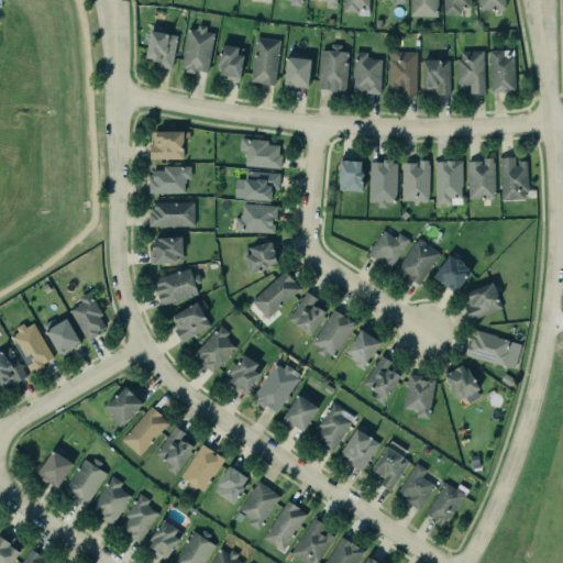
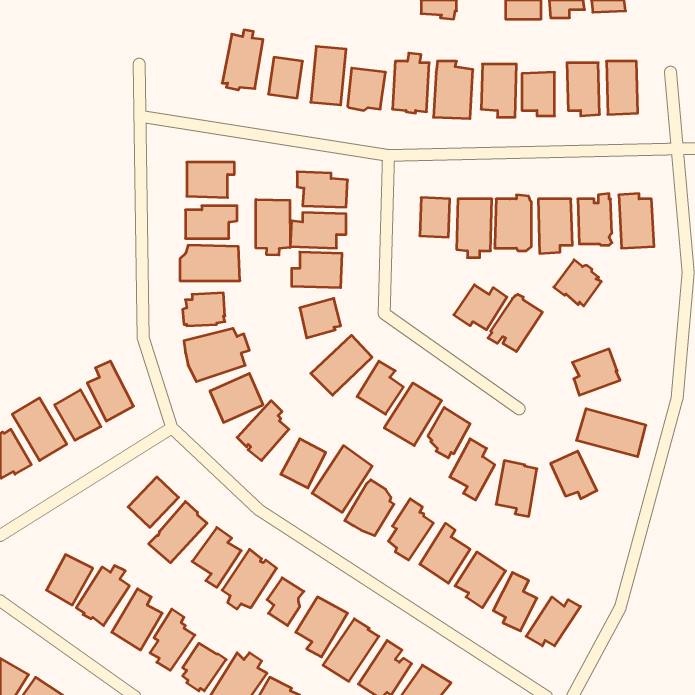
building: [147,25,178,69] -> none
building: none -> [256,199,290,255]
building: [432,255,471,292] -> [554,260,601,306]

